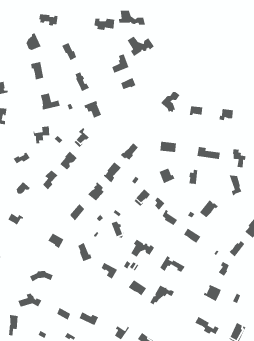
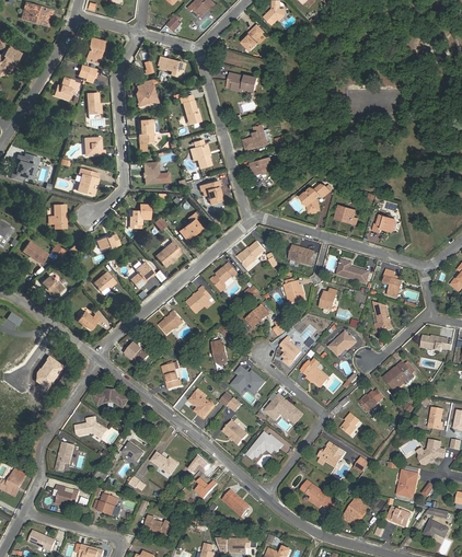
building: [118,10,146,26] -> none
building: [127,35,155,57] -> none

